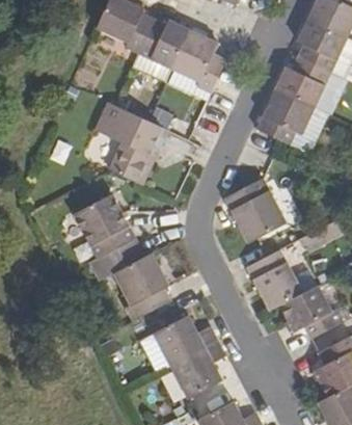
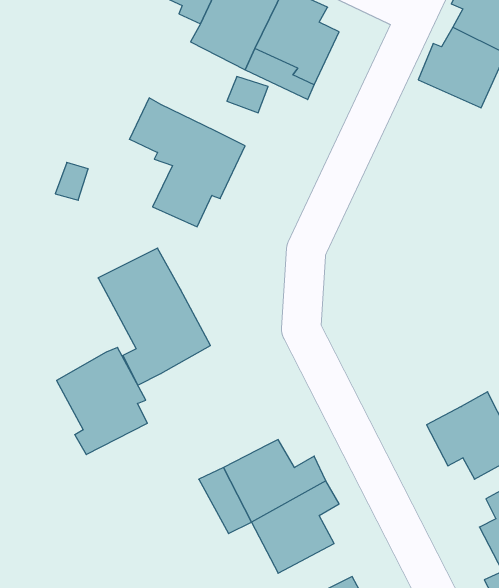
building: [256,88,315,143] -> none
building: [224,178,287,242] -> none
building: [247,248,302,311] -> none
building: [113,253,170,320] -> [57,347,147,455]

